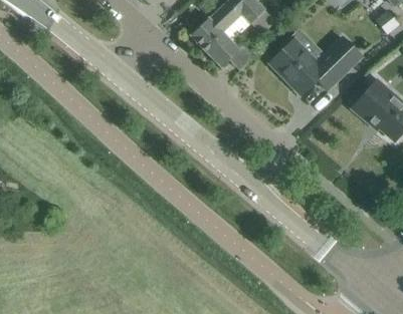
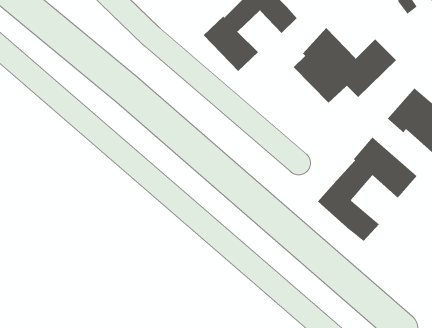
building: none -> [317,136,417,242]

